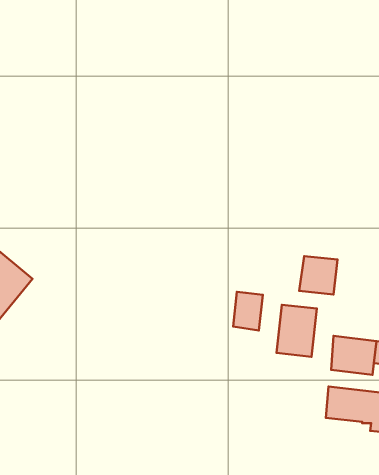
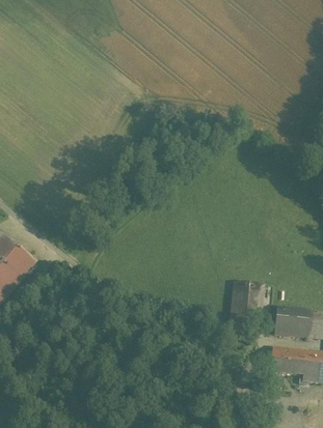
building: [299,256,338,294] -> none
building: [233,292,263,330] -> none

